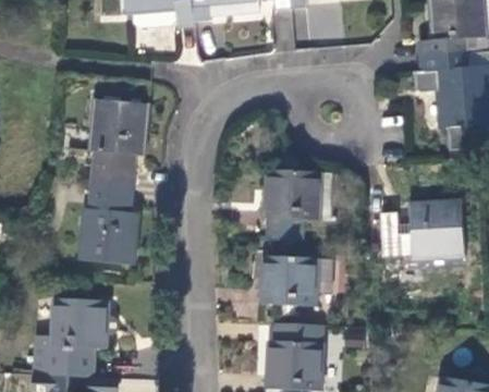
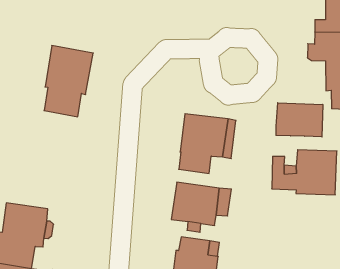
building: none -> [276,103,323,137]
building: [80,180,137,265] -> none

